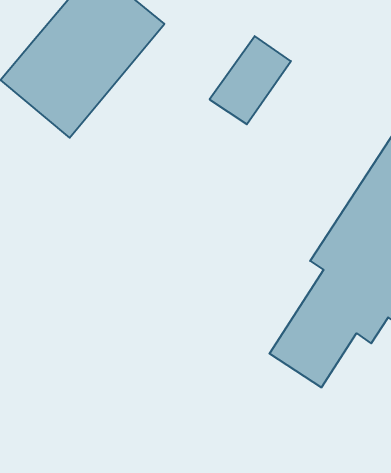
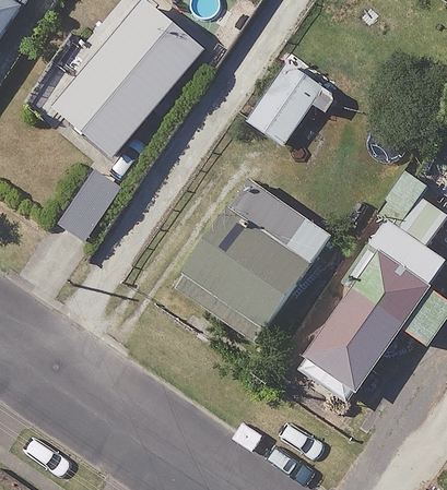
building: none -> [178,186,326,338]

